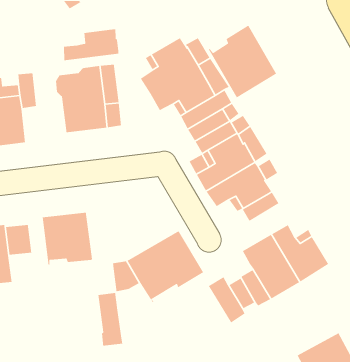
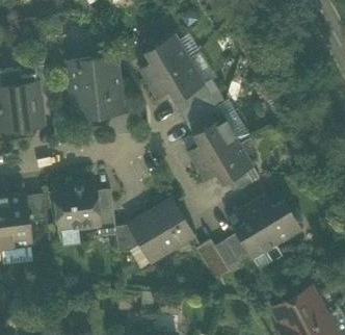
building: [208,25,277,99] -> none
building: [63,28,119,61] -> none
building: [98,292,123,347] -> [95,191,116,238]

